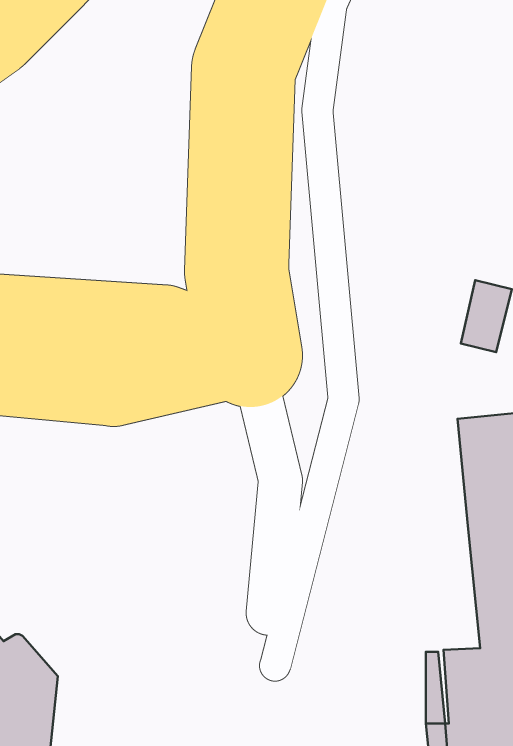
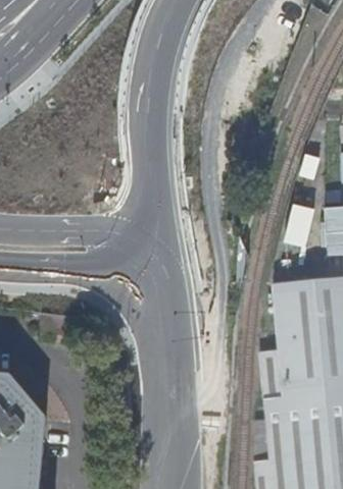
building: none -> [263,346,290,417]

